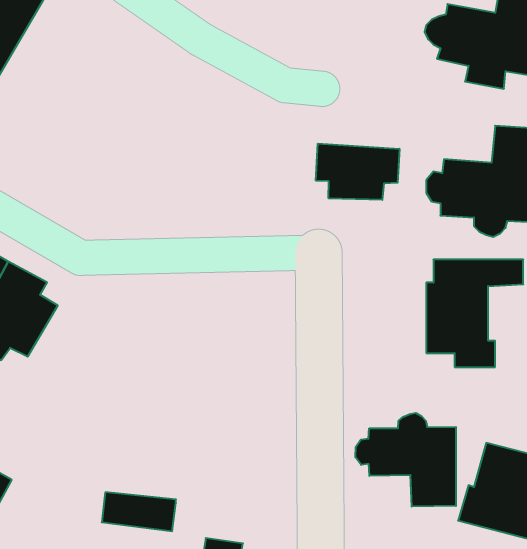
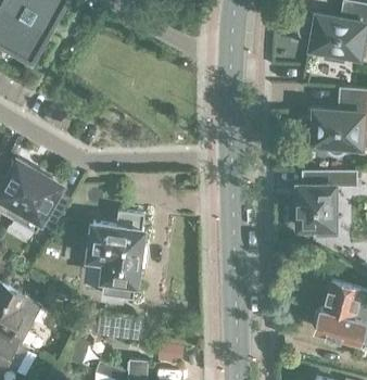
building: [316,144,399,200] -> none
building: none -> [88,211,143,299]
building: [355,413,456,507] -> none

